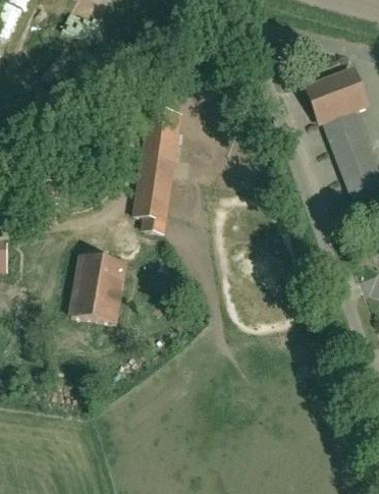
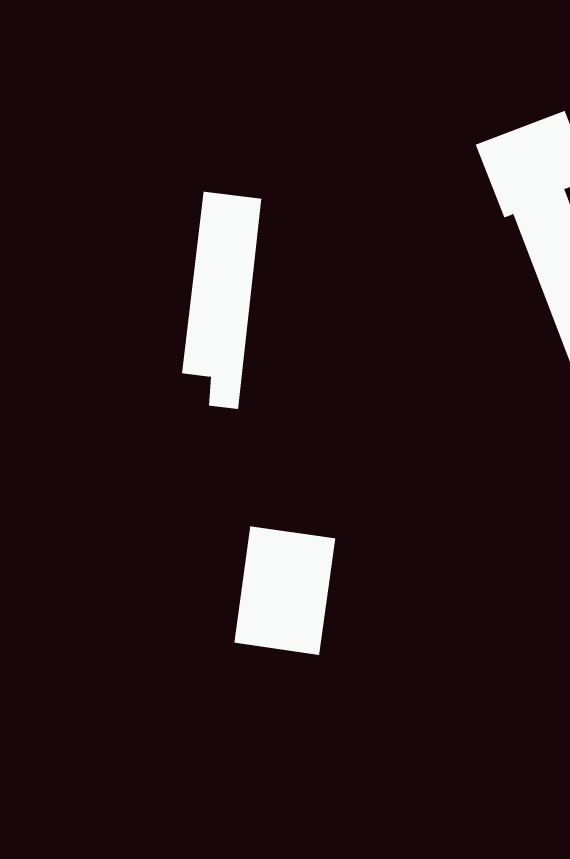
building: [67,254,125,327] -> [233,526,336,656]

